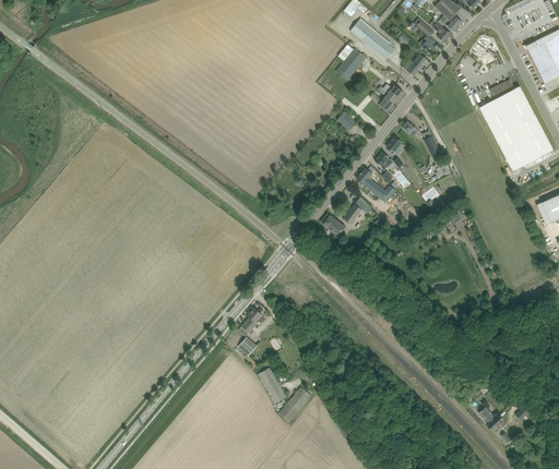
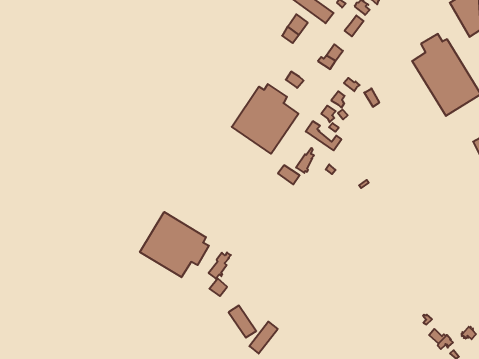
building: none -> [232,84,298,154]
building: none -> [140,212,209,277]

